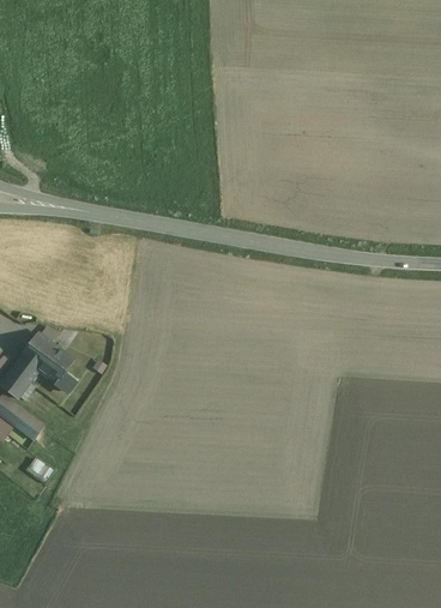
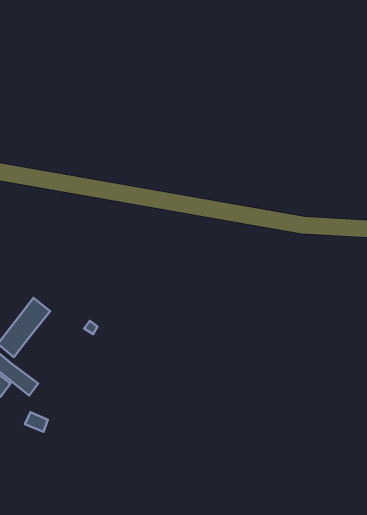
building: [40,347,77,391] -> none

